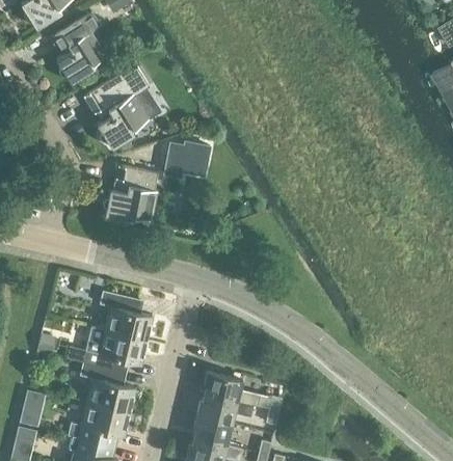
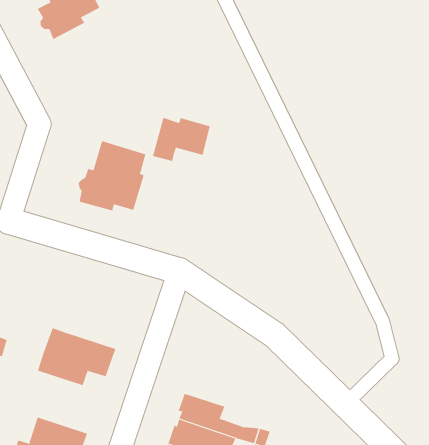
building: [84,70,151,151] -> none
building: [99,293,152,341] -> none
building: [79,364,134,413] -> none

